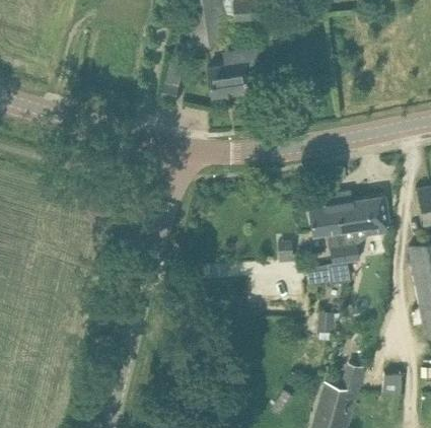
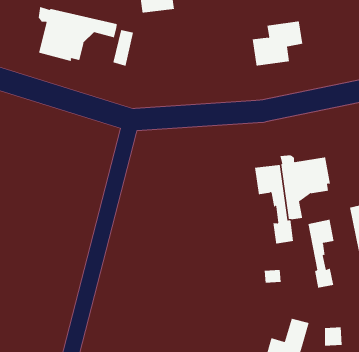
building: none -> [38,6,117,62]
building: [207,49,261,96] -> [252,21,303,66]
building: none -> [308,219,334,288]

